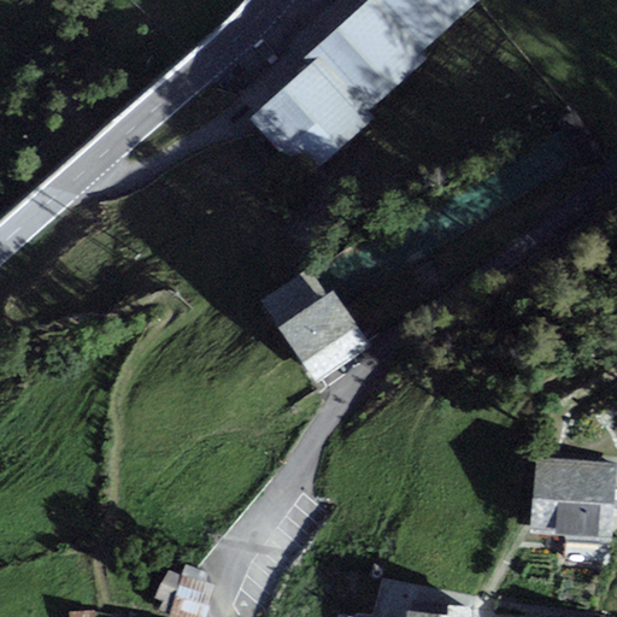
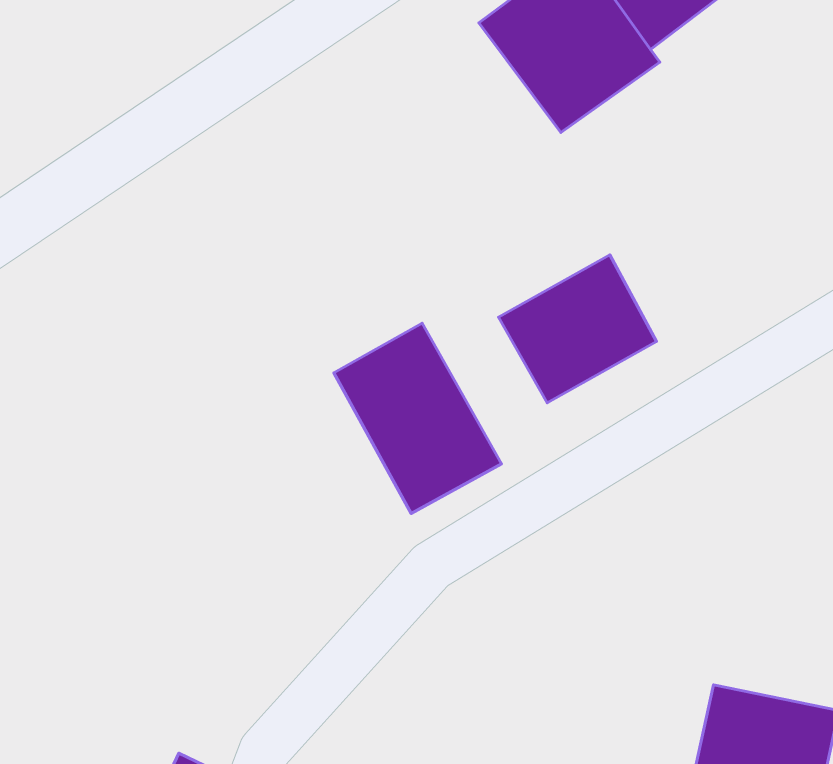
building: [257,51,382,177] -> none
building: none -> [498,255,656,403]

